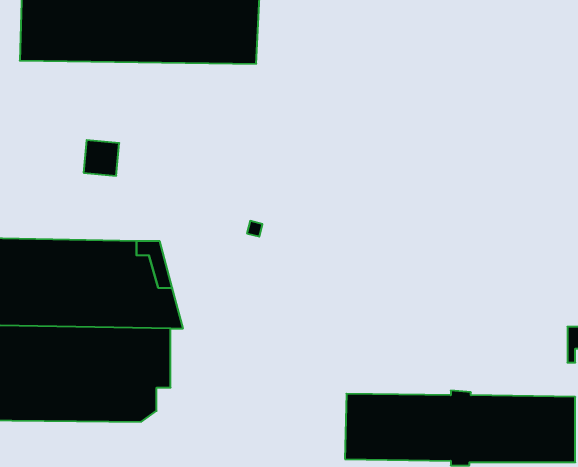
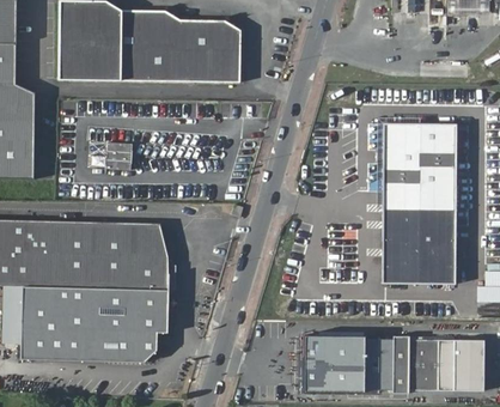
building: none -> [383,123,456,284]

